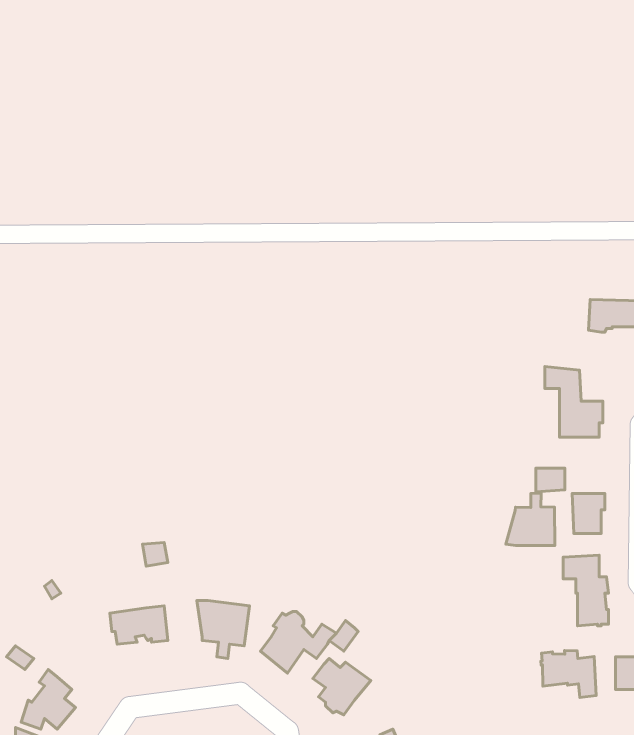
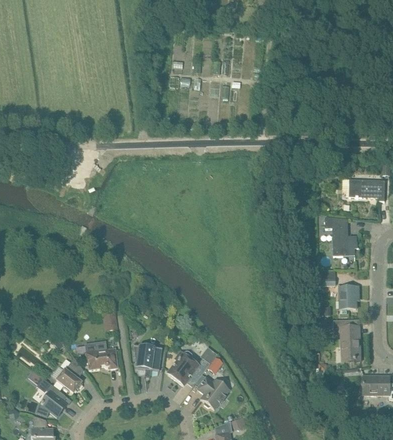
building: [506,493,555,545] -> none
building: none -> [56,357,84,392]
building: [541,650,596,697] -> none

